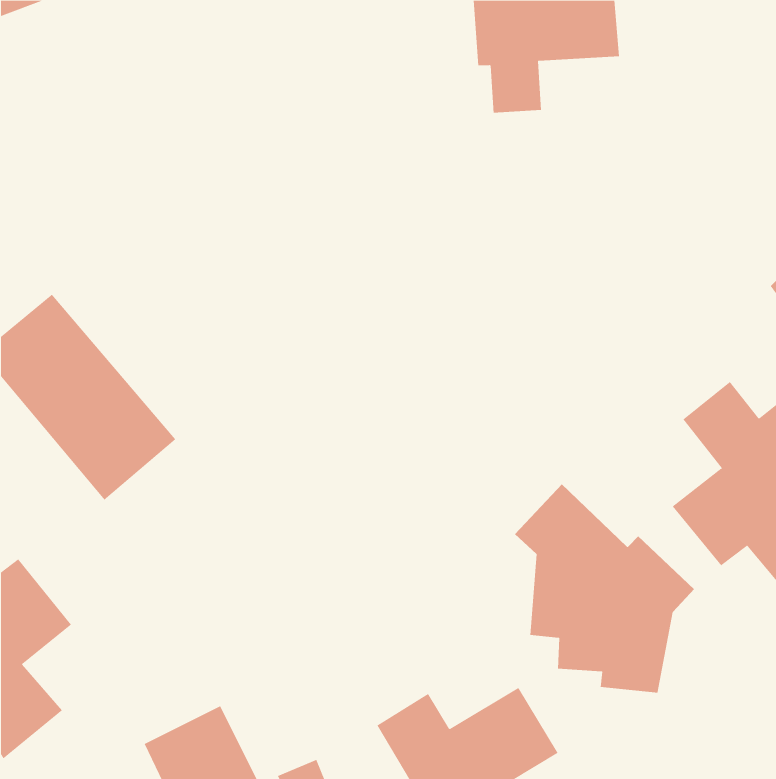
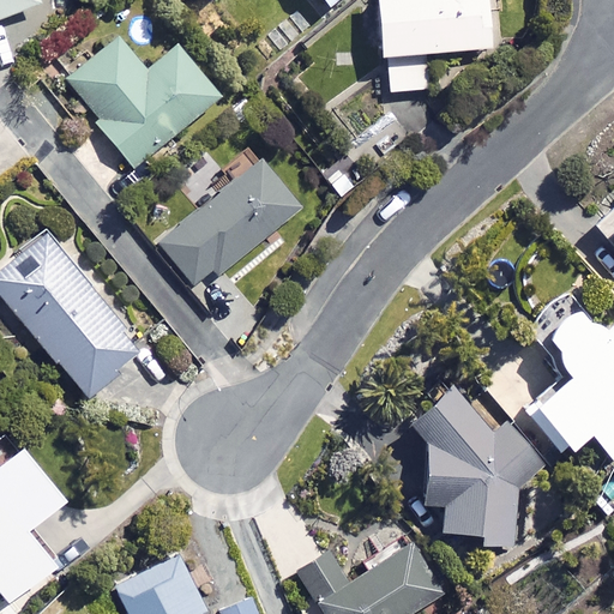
building: none -> [65,37,219,167]
building: none -> [159,156,302,290]

